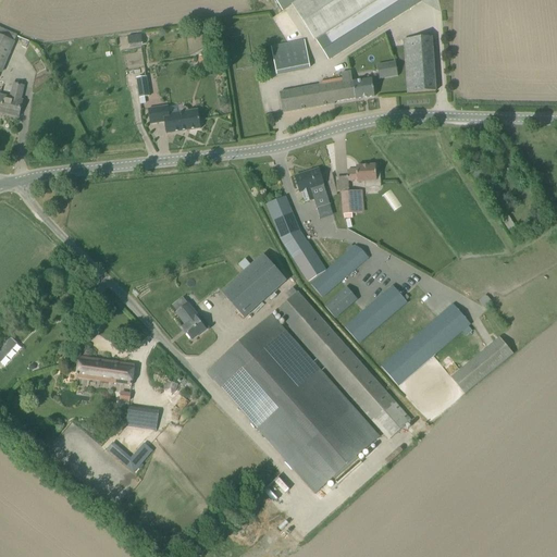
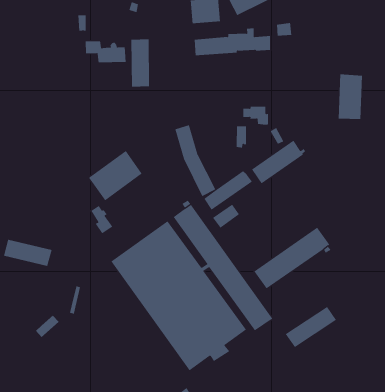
building: [404,36,435,91] -> [338,74,363,119]
building: none -> [131,38,149,87]
building: [295,168,330,207] -> none
building: [221,252,286,317] -> [88,150,143,201]
building: [345,284,409,342] -> [251,140,306,184]
building: [451,337,512,392] -> [285,306,337,348]
building: [126,405,159,428] -> none

